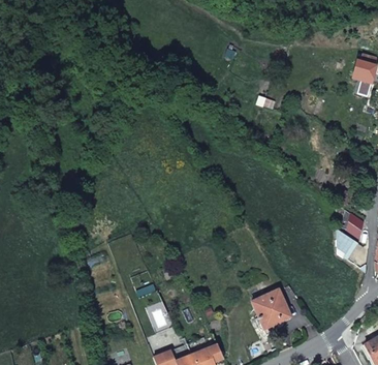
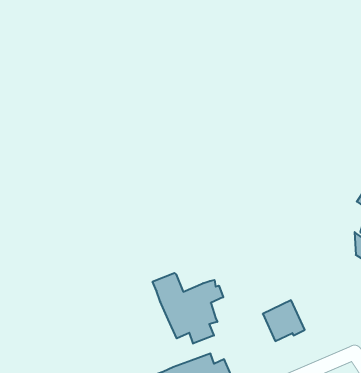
building: none -> [153,273,223,344]

